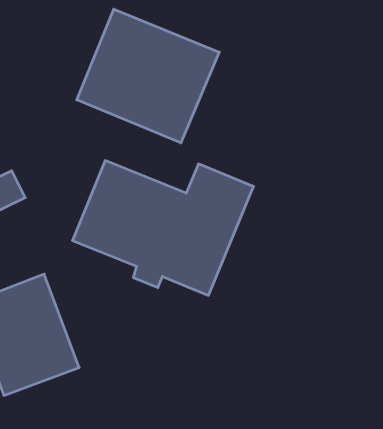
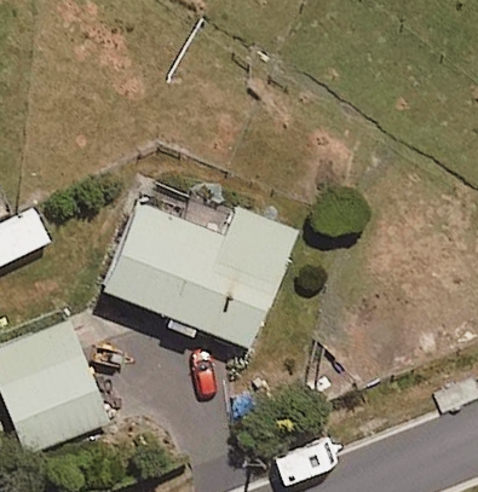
building: [77,9,219,143] -> none

